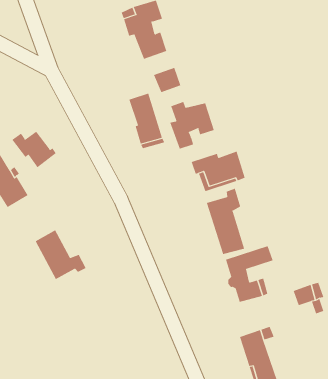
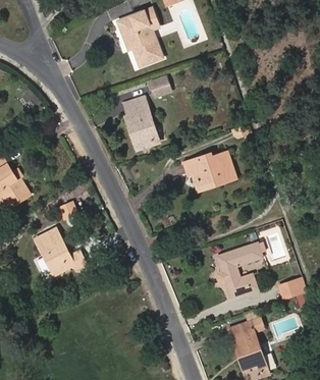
building: [170,101,215,150] -> none
building: [12,131,57,168] -> none
building: [206,188,245,255] -> none

